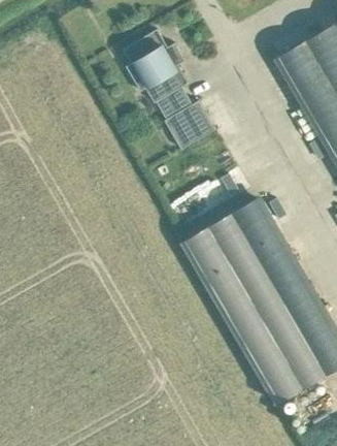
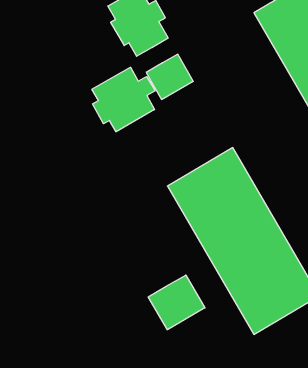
building: none -> [92,67,155,132]
building: none -> [148,275,205,330]

